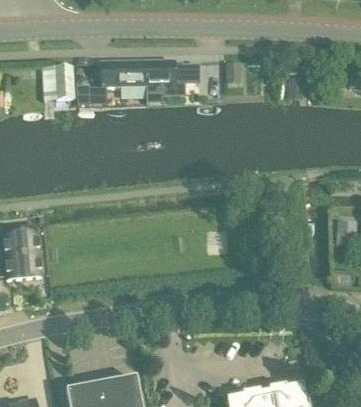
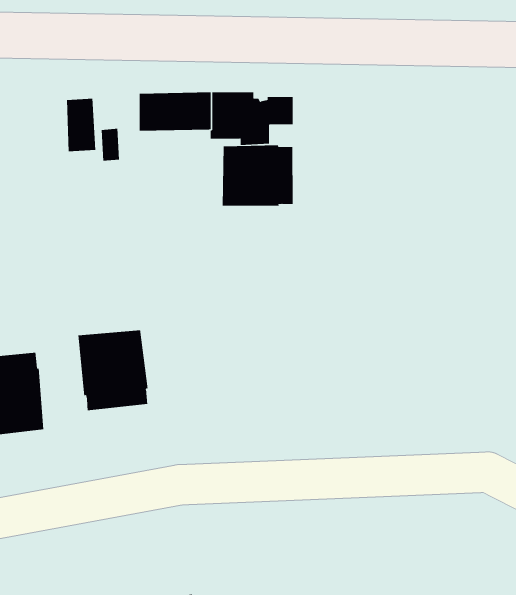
building: none -> [222,144,293,206]
building: none -> [78,329,148,411]

